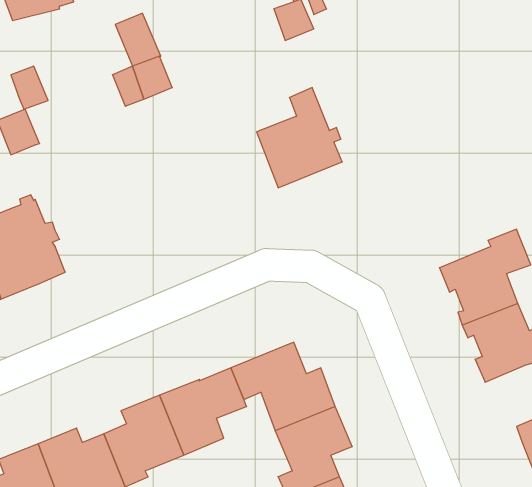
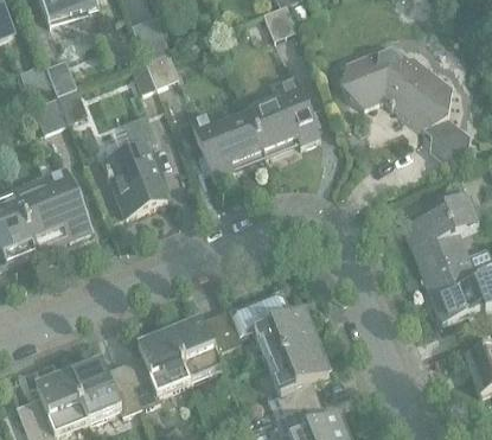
building: none -> [343,45,468,162]
building: none -> [191,110,268,179]
building: none -> [103,115,167,216]

